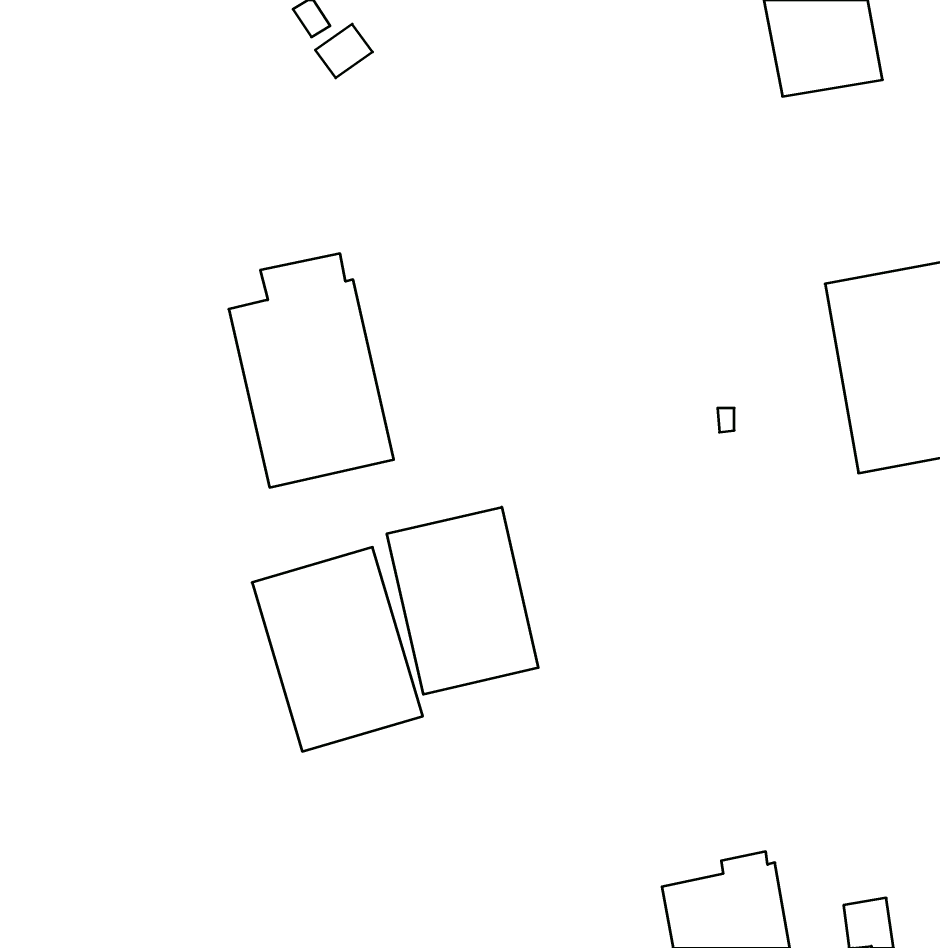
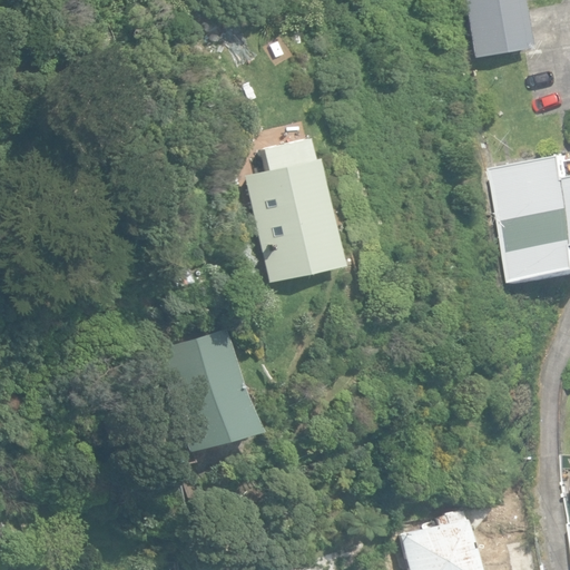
building: [229,254,394,487] -> [245,141,344,282]
building: [387,507,538,694] -> none

